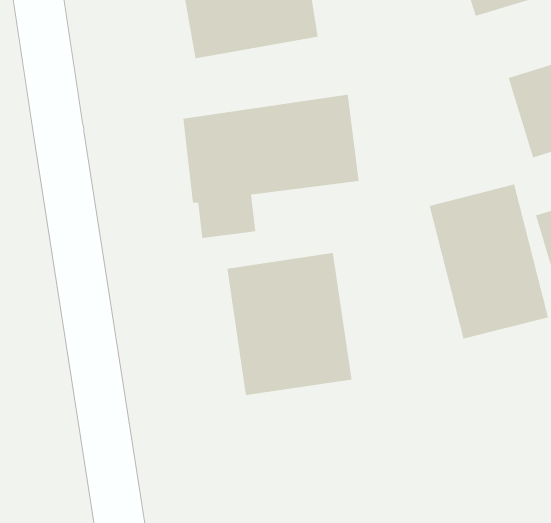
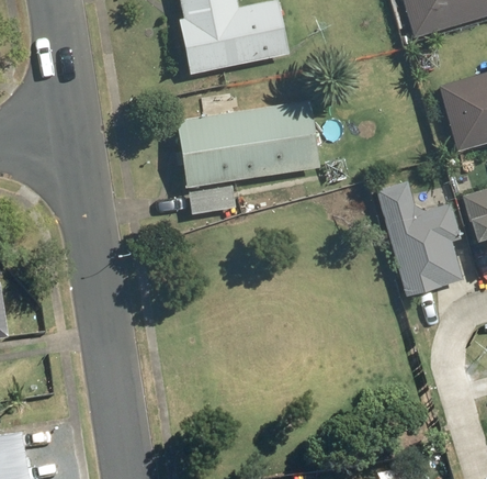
building: [227,252,352,396] -> none

